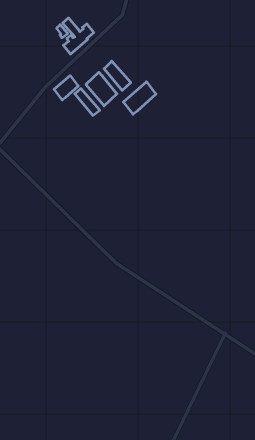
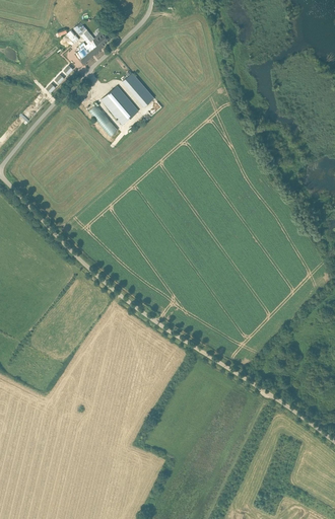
building: [54,76,78,100] -> none
building: [123,82,156,114] -> none

